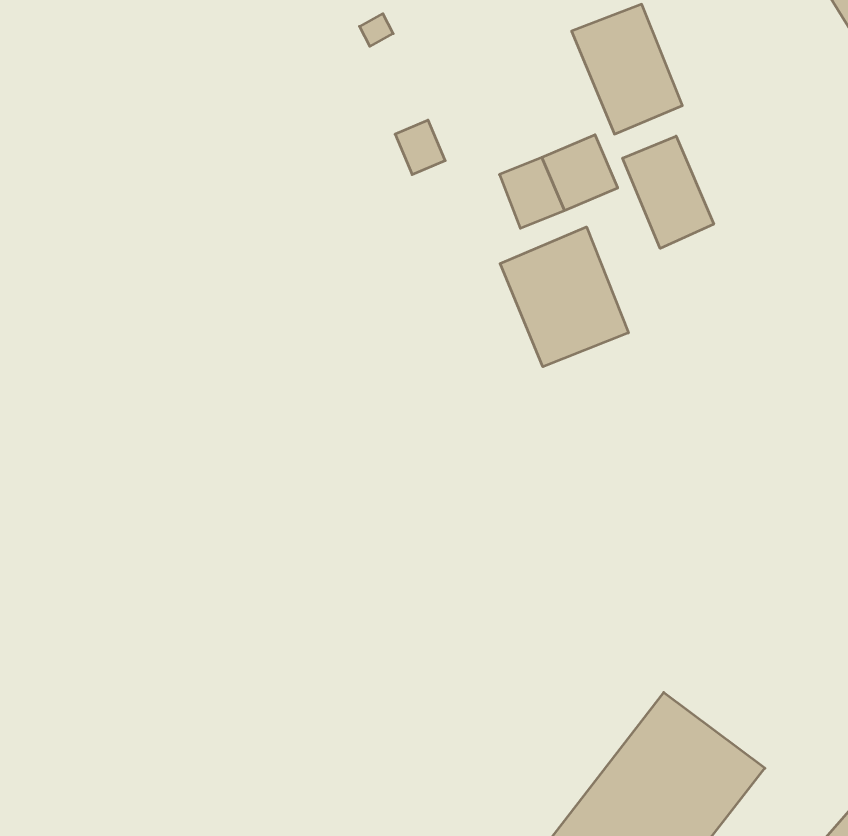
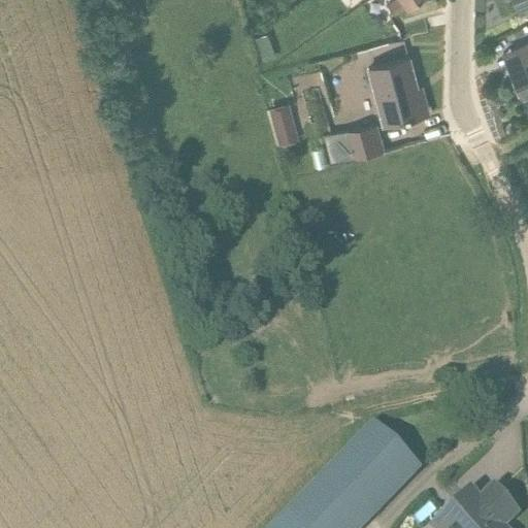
building: [623,136,714,248] -> none
building: [500,227,628,367] -> none

